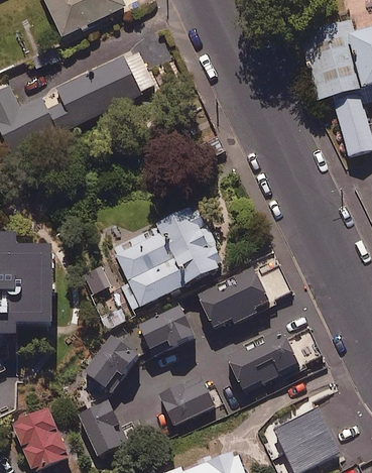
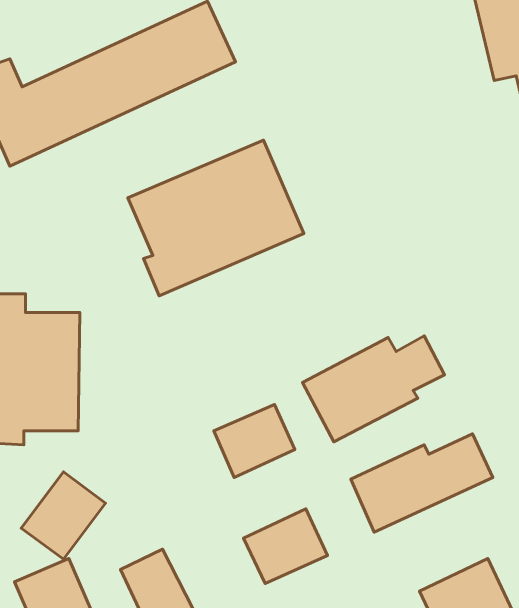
building: [110,209,224,310] -> [128,140,304,296]
building: [83,339,137,395] -> [21,472,105,559]

